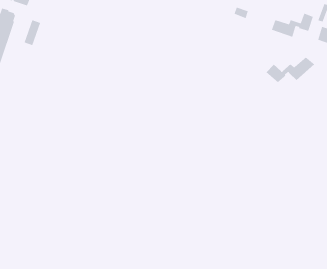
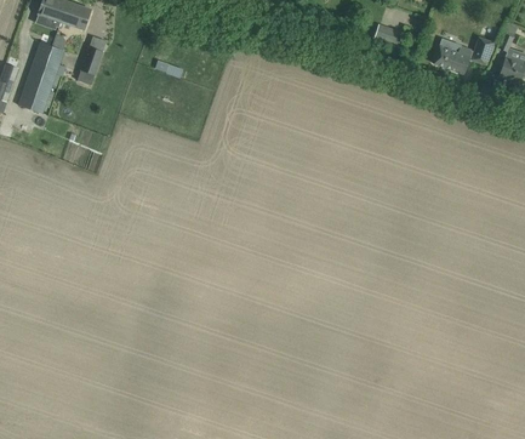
building: [265,56,315,83] -> none

